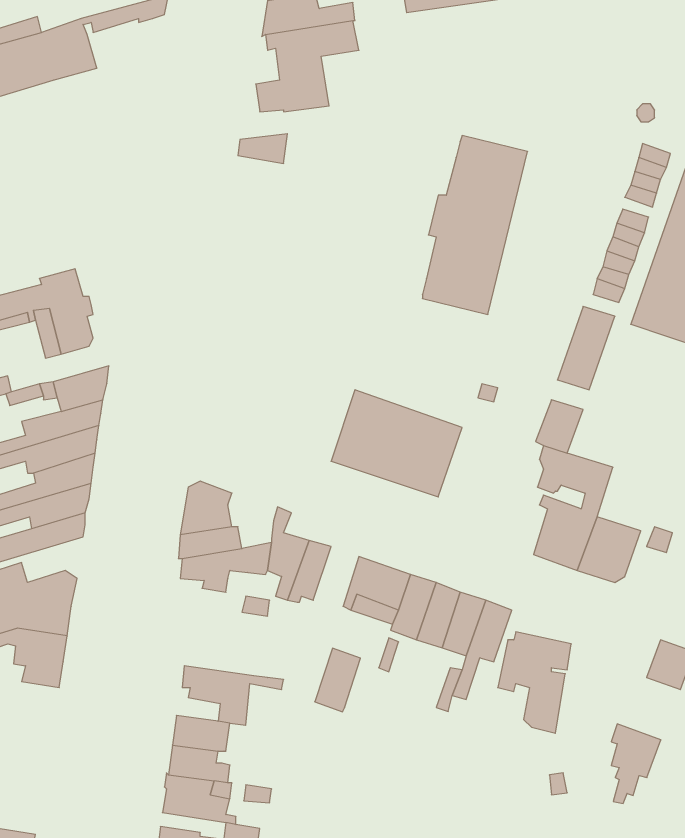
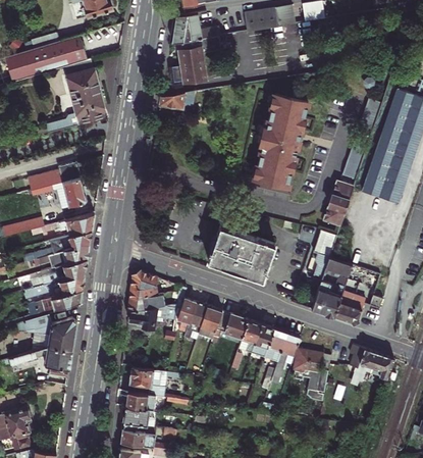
building: none -> [44,58,105,133]
building: [315,648,360,712] -> [198,305,221,338]
building: [611,724,661,803] -> [351,345,376,386]

